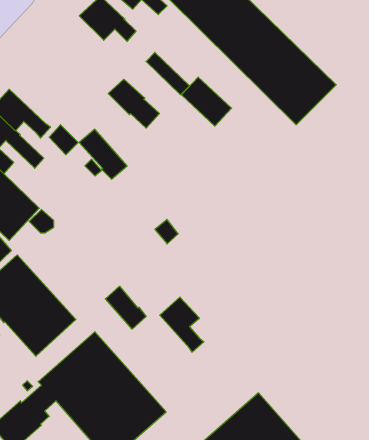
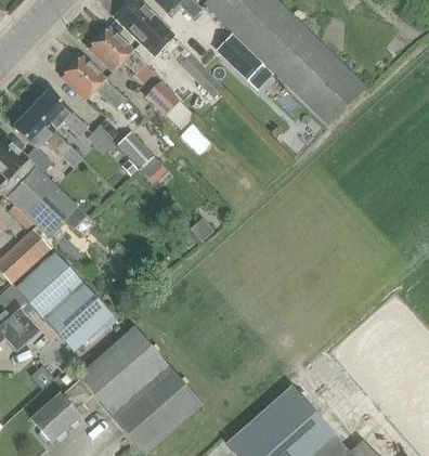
building: none -> [90,28,155,83]
building: none -> [62,56,126,109]
building: [182,77,232,126] -> [216,34,264,81]
building: [105,286,146,329] -> none
building: [160,297,204,352] -> none

